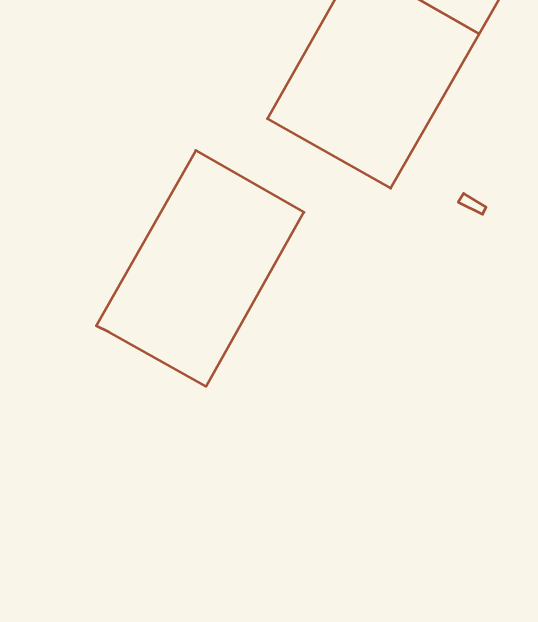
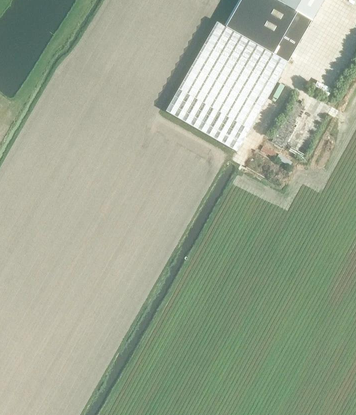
building: [96,150,304,386] -> none

